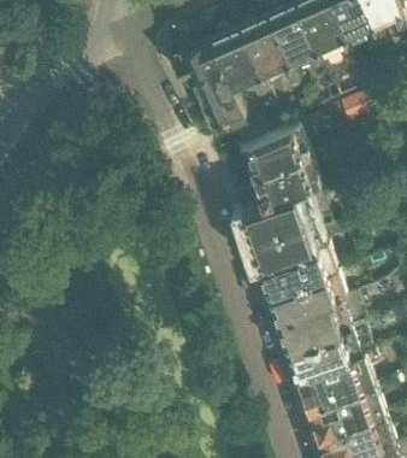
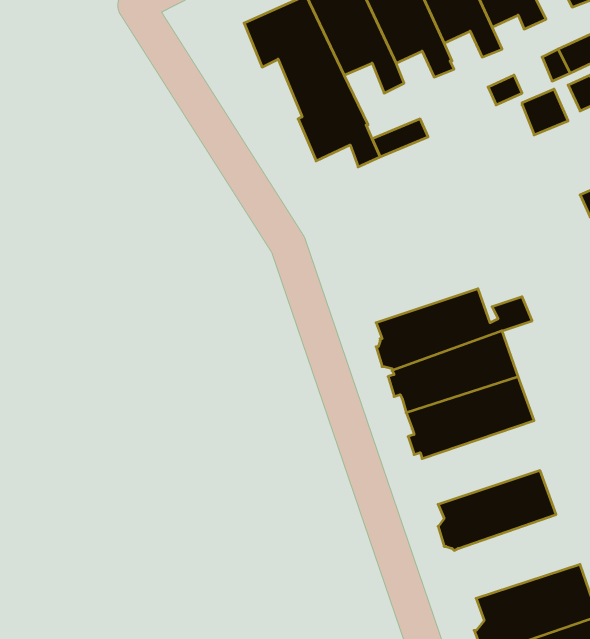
building: [237,127,319,237] -> none
building: [275,293,364,347] -> none
building: [299,352,373,404] -> none

